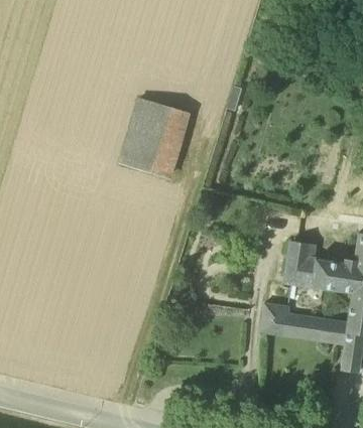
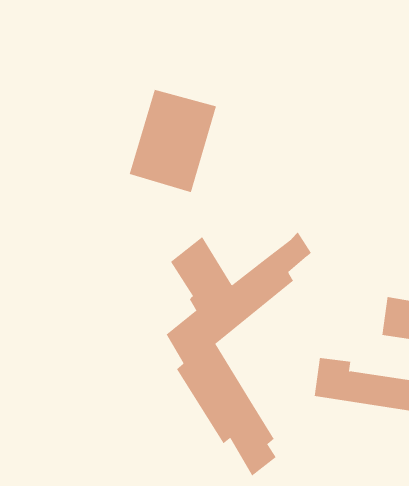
building: none -> [166,232,312,476]
building: [283,239,316,285] -> none

